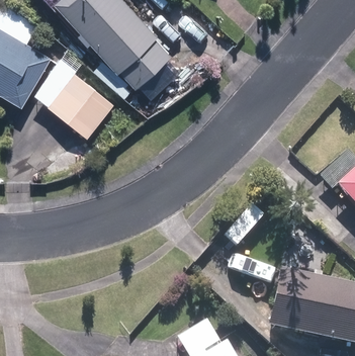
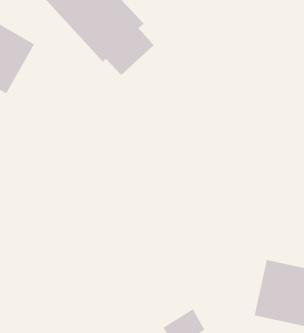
building: [48,71,113,136] -> none

